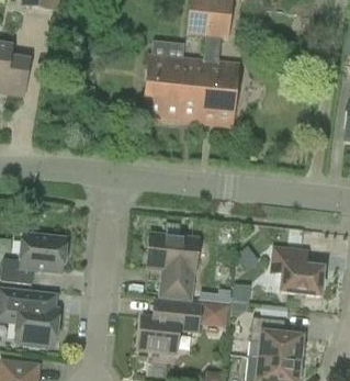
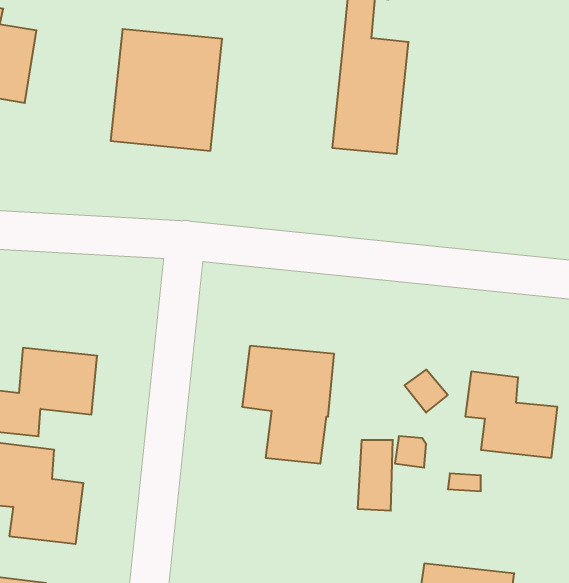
building: [142,54,204,122] -> [111,29,222,151]
building: [138,299,201,352] -> none
building: [249,316,302,360] -> none

